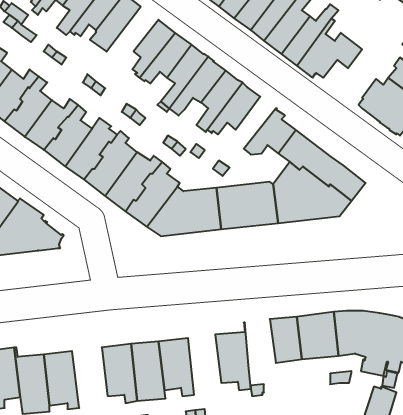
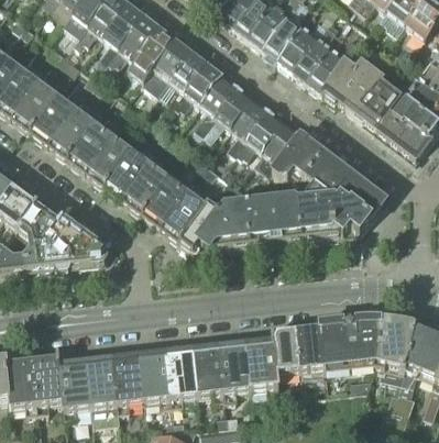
building: none -> [136,36,191,93]
building: none -> [344,76,399,129]
building: none -> [254,120,300,171]
building: none -> [272,326,300,369]
building: none -> [219,341,250,397]
building: none -> [111,353,144,409]

